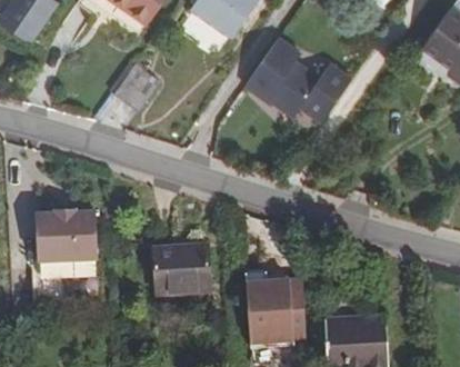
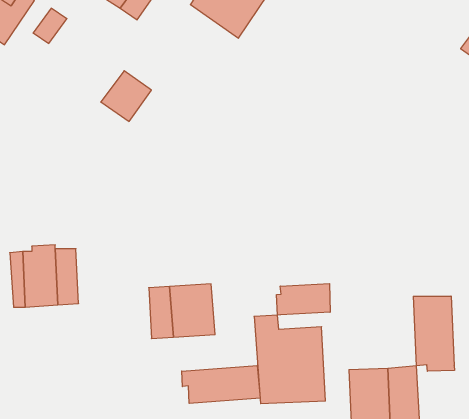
building: [246,37,350,120] -> none
building: none -> [277,284,330,315]
building: none -> [413,296,454,371]
building: none -> [182,365,260,403]

